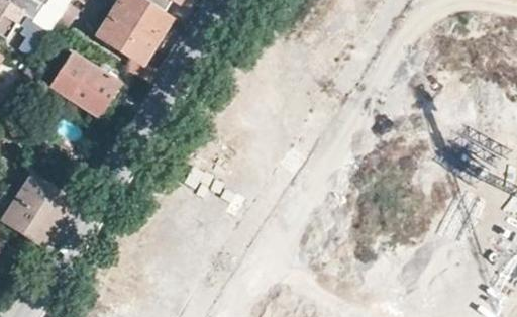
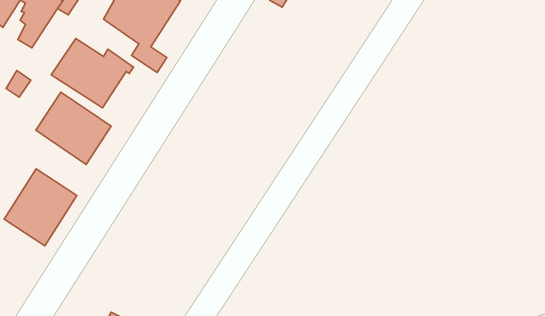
building: none -> [36,92,111,164]

